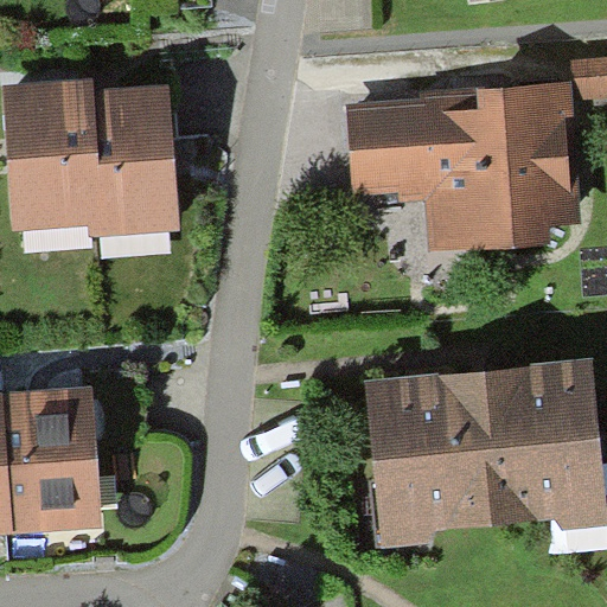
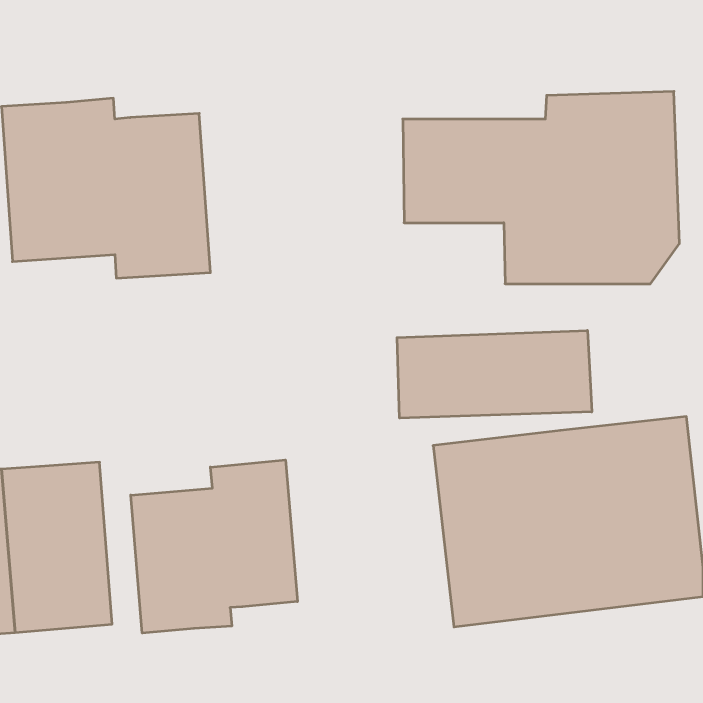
building: none -> [397,330,592,418]
building: none -> [131,460,297,633]

